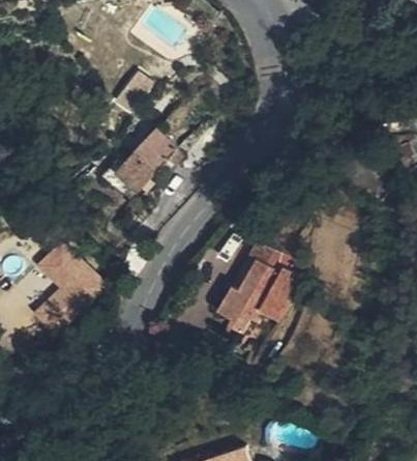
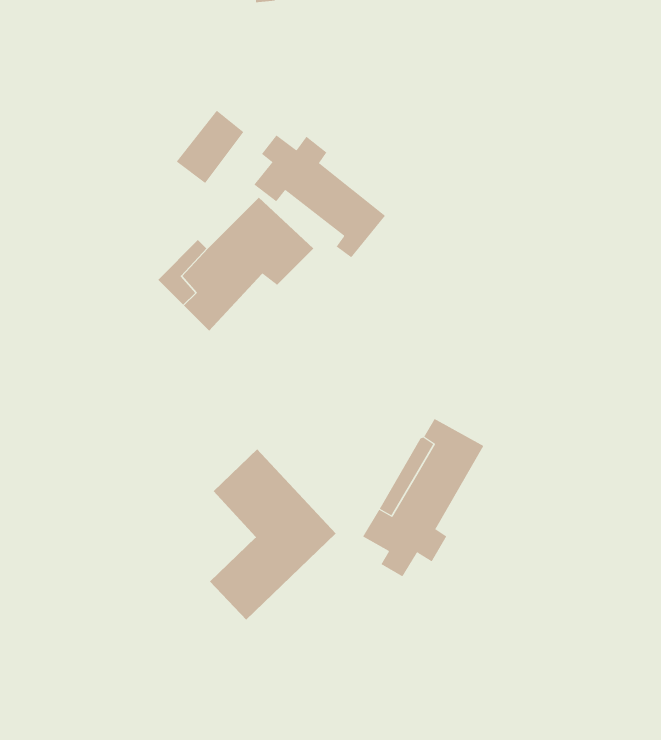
building: none -> [254,135,386,258]
building: [34,240,106,337] -> [209,449,336,620]

